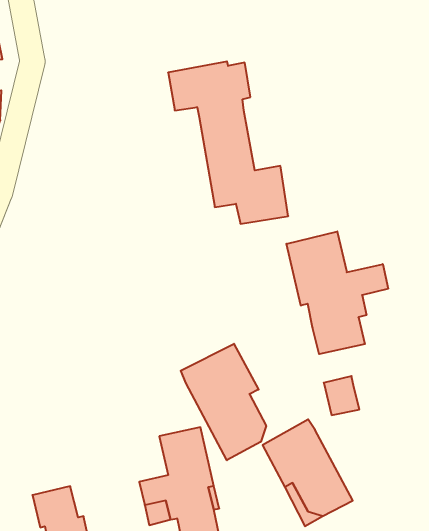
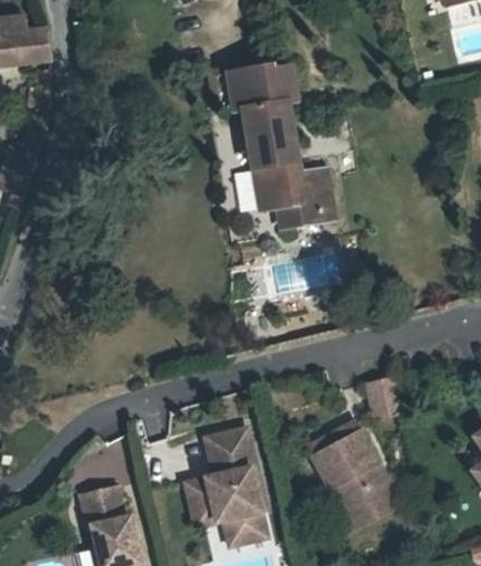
building: [286,231,388,354] -> none
building: [181,344,266,460] -> none

